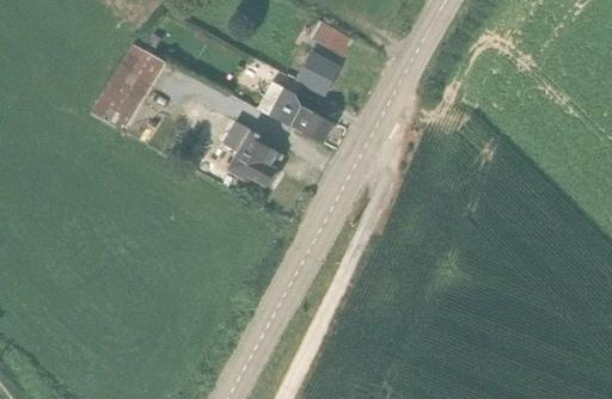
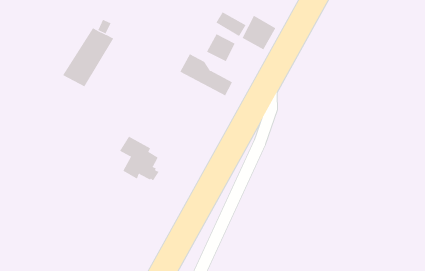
building: none -> [242,15,276,50]
building: [222,121,280,185] -> [119,136,159,181]

